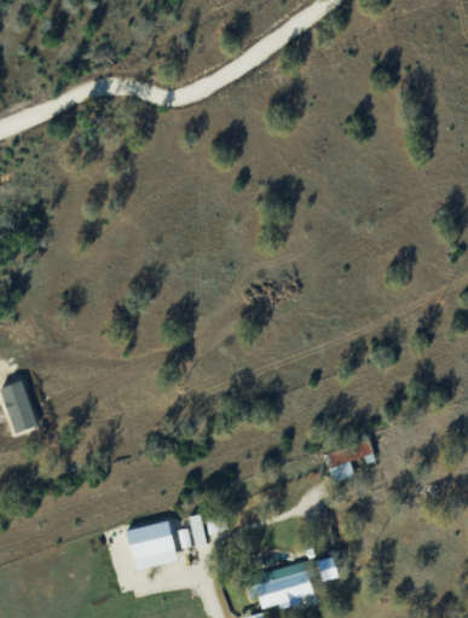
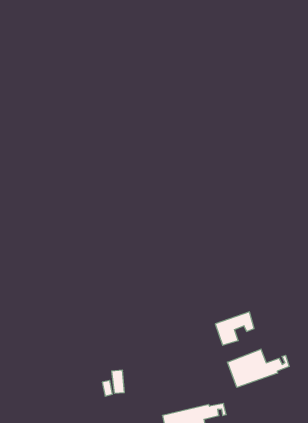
building: none -> [227,349,289,387]
building: [127,521,178,571] -> none

